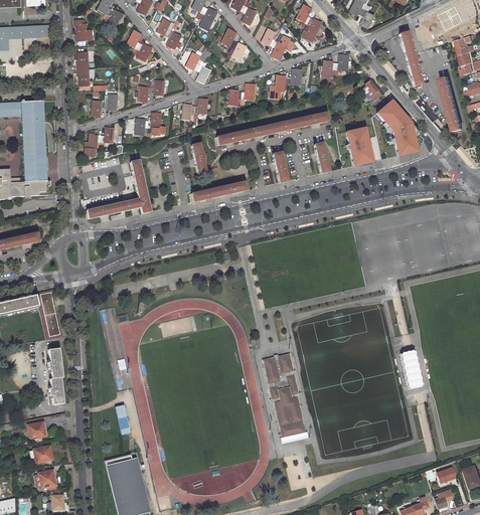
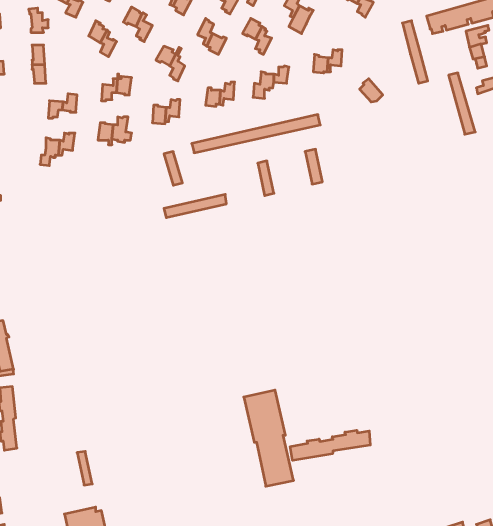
building: [377,101,424,156] -> none
building: [344,132,372,166] -> none
building: [87,160,150,218] -> none
building: none -> [290,430,370,460]

